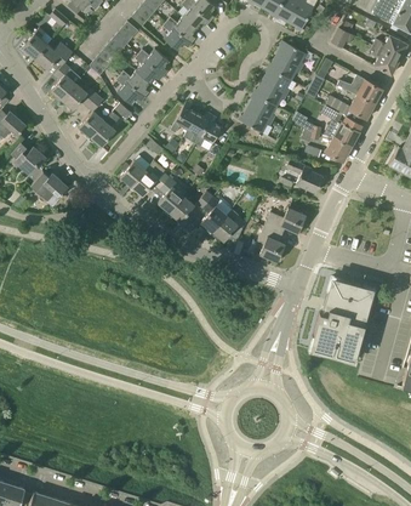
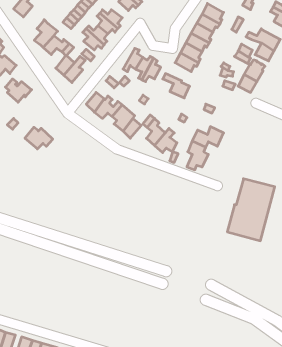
building: [35,42,73,70] -> none
building: [286,160,322,193] -> [163,74,190,98]
building: [30,172,68,201] -> [25,127,53,149]

